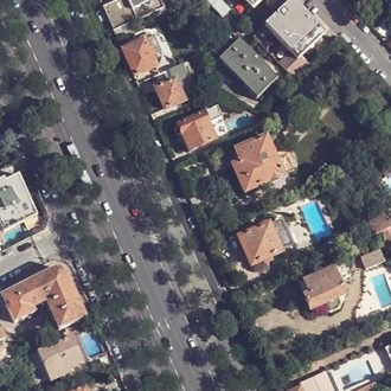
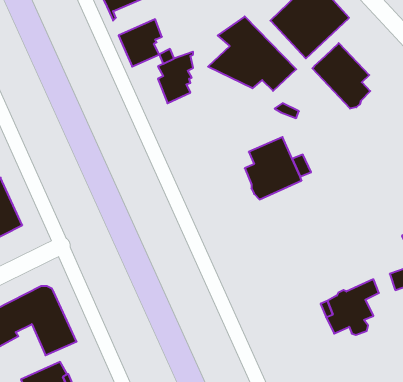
building: none -> [312,43,370,109]
building: [175,105,222,150] -> none
building: [239,217,295,263] -> none

